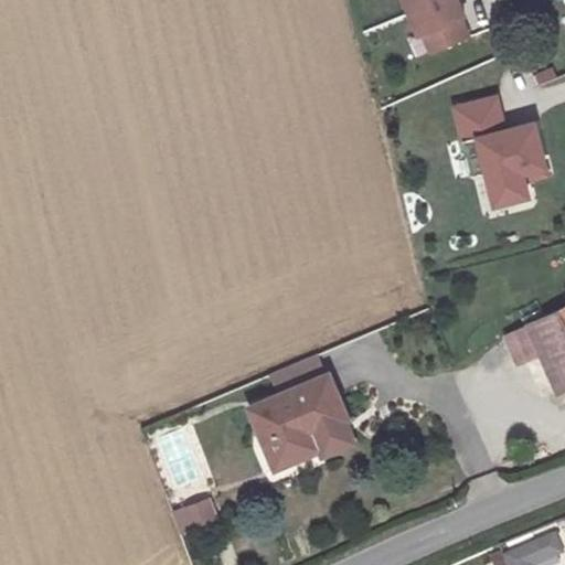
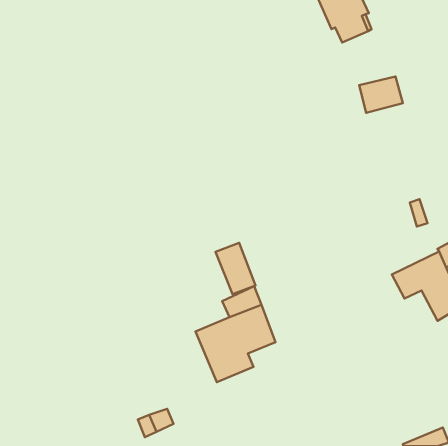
building: [475,122,547,207] -> none
building: none -> [216,243,255,294]

